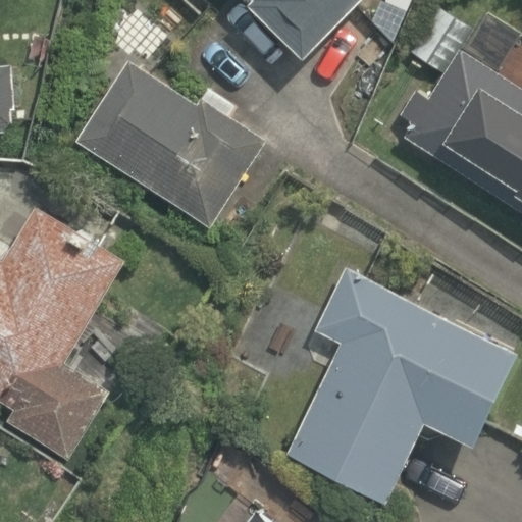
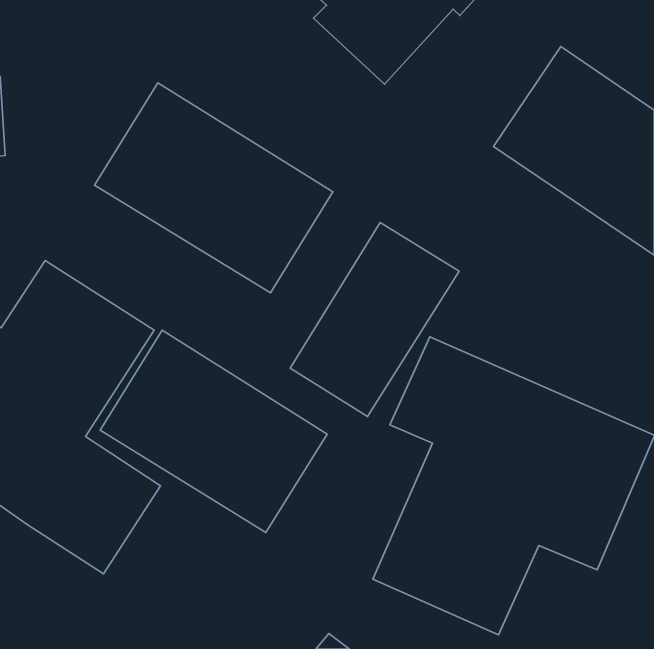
building: none -> [290,222,459,417]
building: none -> [100,330,327,532]

